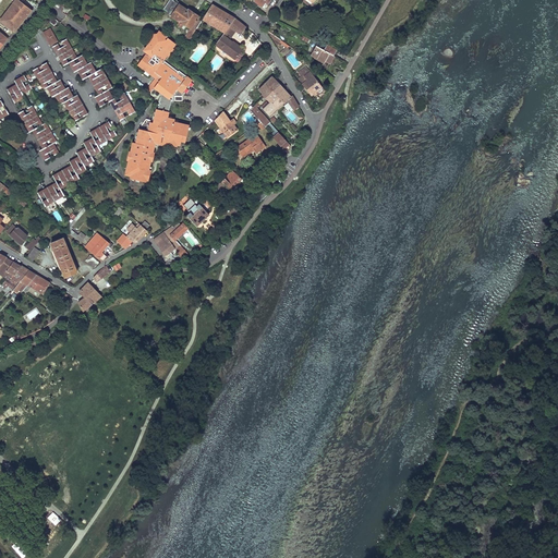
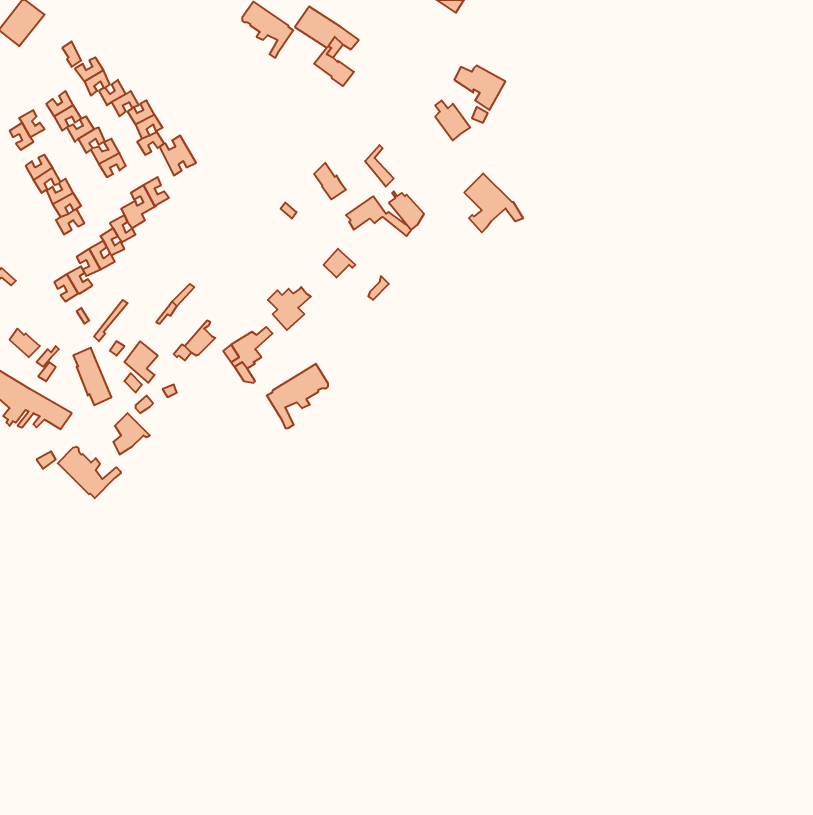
building: [125,31,189,181] -> none
building: [257,76,298,117] -> [464,173,523,232]
building: none -> [267,364,328,428]
building: none -> [58,447,121,498]

